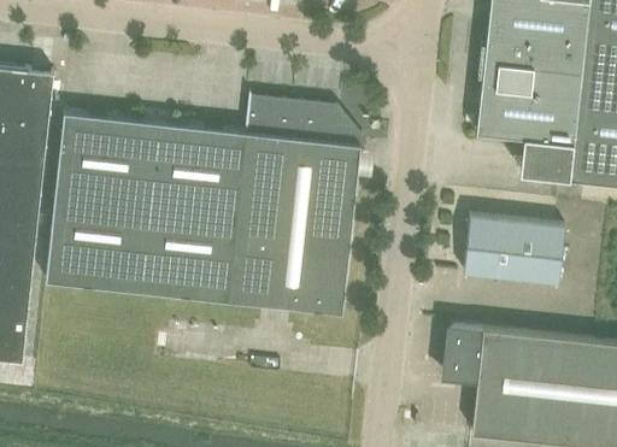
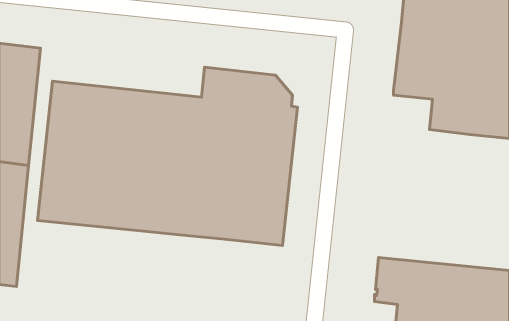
building: [466,218,566,286] -> none

